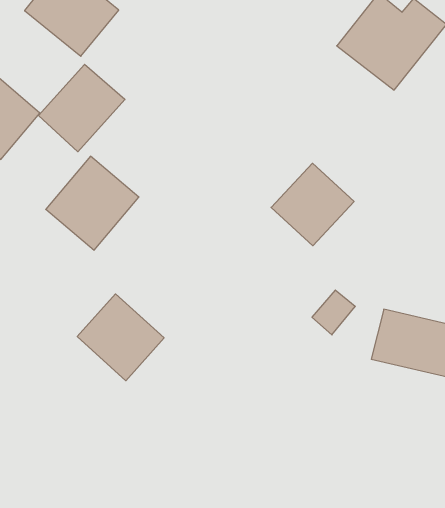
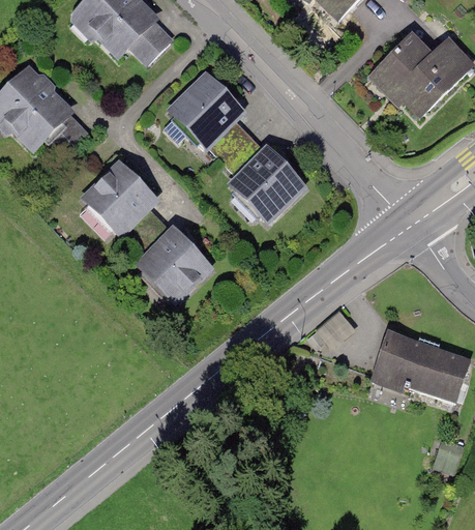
building: none -> [135,21,177,63]
building: [39,64,125,152] -> [164,71,247,154]
building: [271,163,354,246] -> [227,145,306,224]
building: [77,294,164,381] -> [135,223,217,306]

